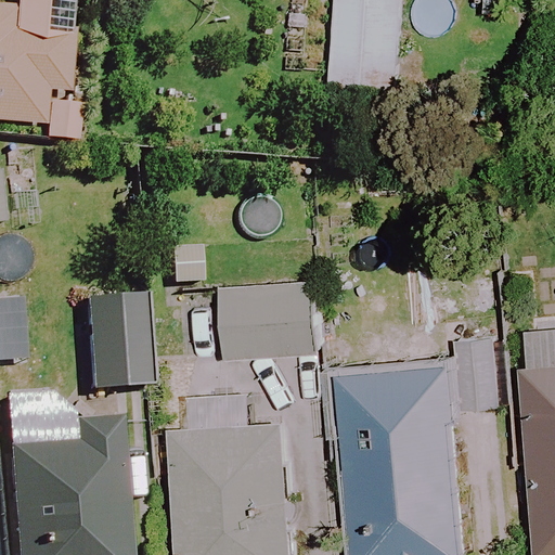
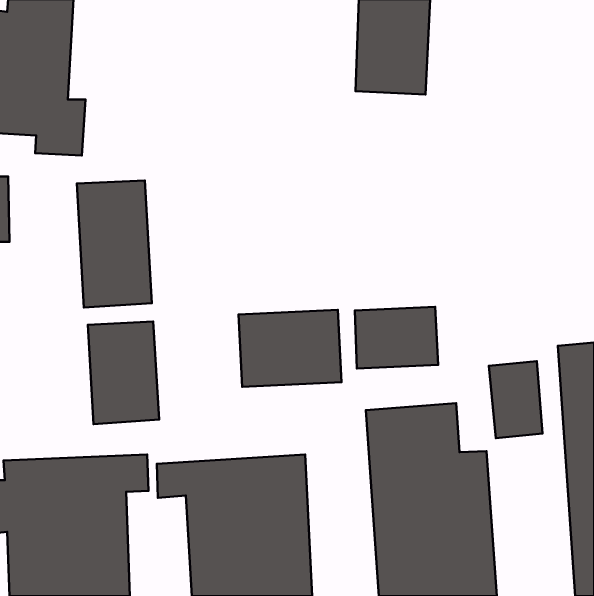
building: none -> [77,181,152,308]
building: none -> [355,307,438,369]

